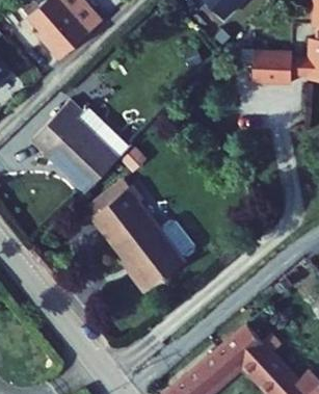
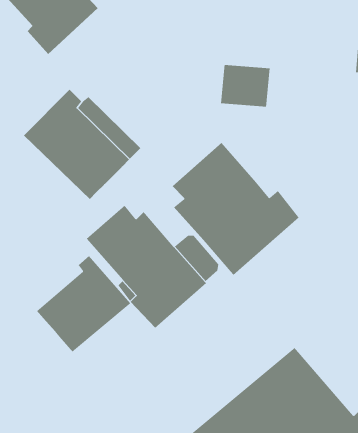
building: [252,53,294,88] -> [220,64,271,107]
building: none -> [172,142,300,276]
building: none -> [36,255,131,352]

